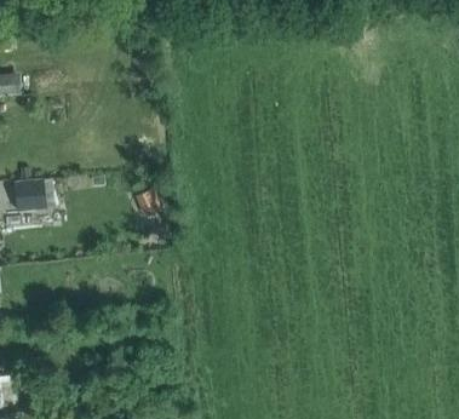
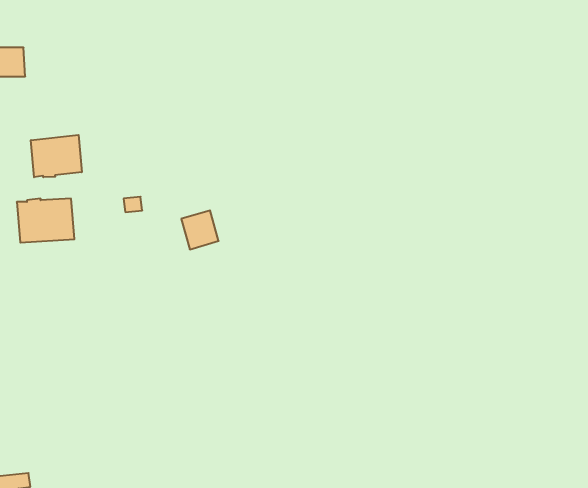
building: none -> [31,135,82,177]

